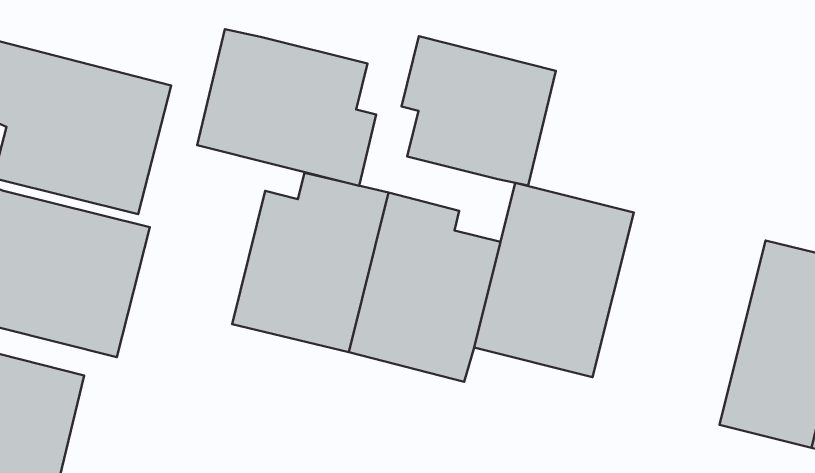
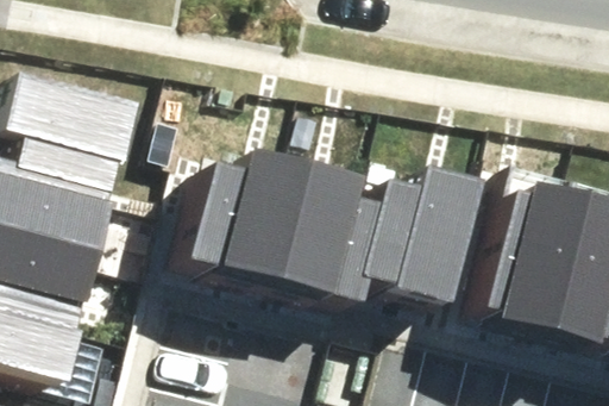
building: [197,29,376,186] -> none
building: [402,36,556,185] -> none
building: none -> [466,183,567,335]

